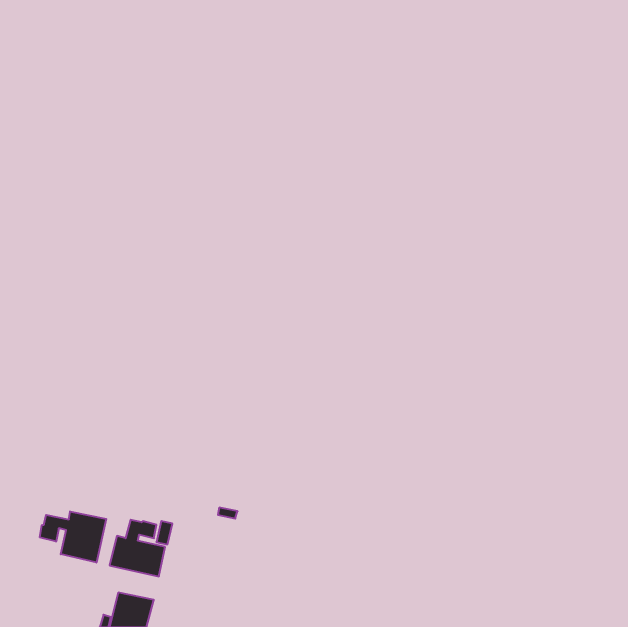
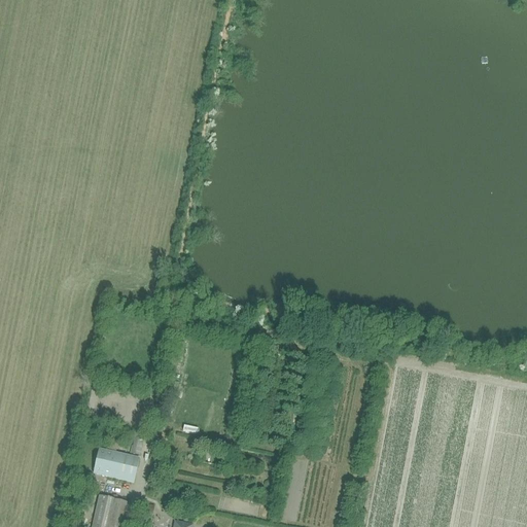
building: [40,511,106,563] -> none

